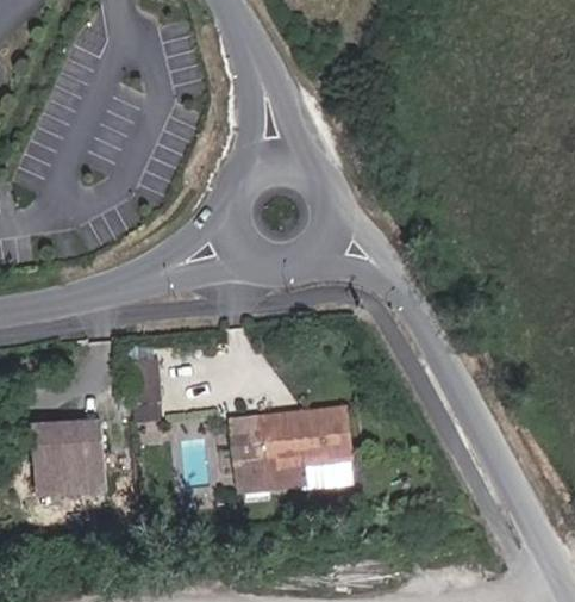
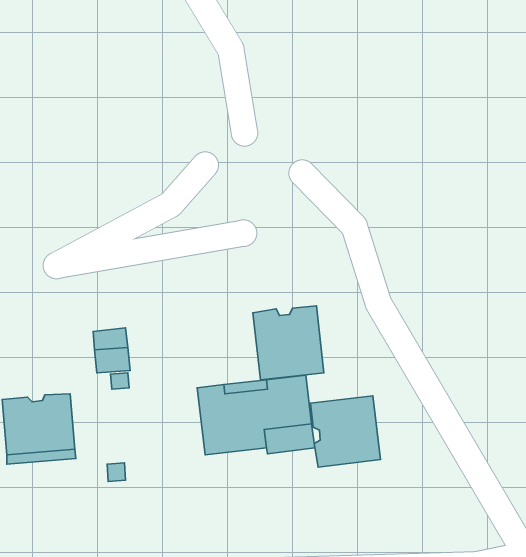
building: none -> [253,306,324,380]
building: none -> [311,396,380,467]

